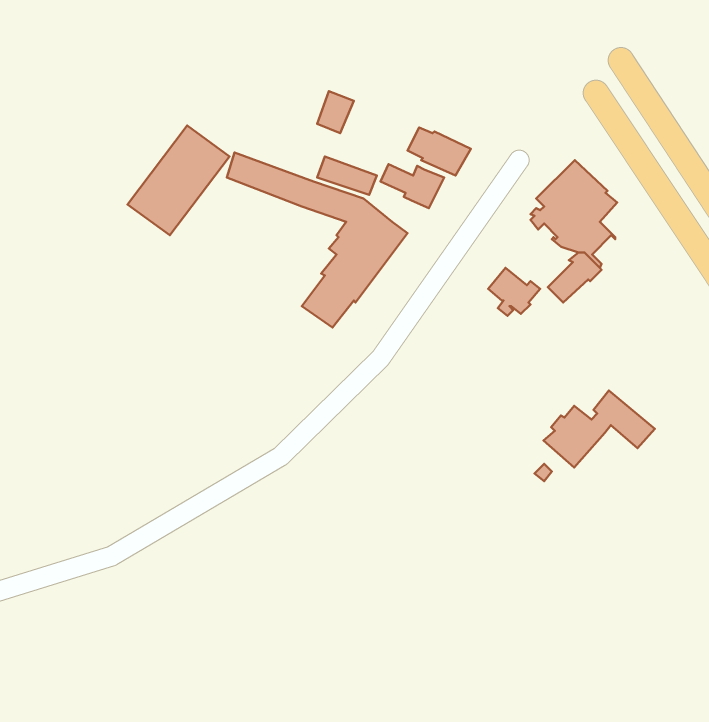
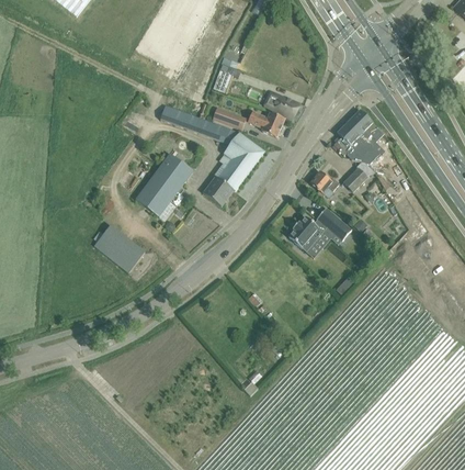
building: [127,126,229,235] -> [135,154,193,216]
building: none -> [93,223,145,271]
building: [543,391,655,467] -> [288,206,352,250]

